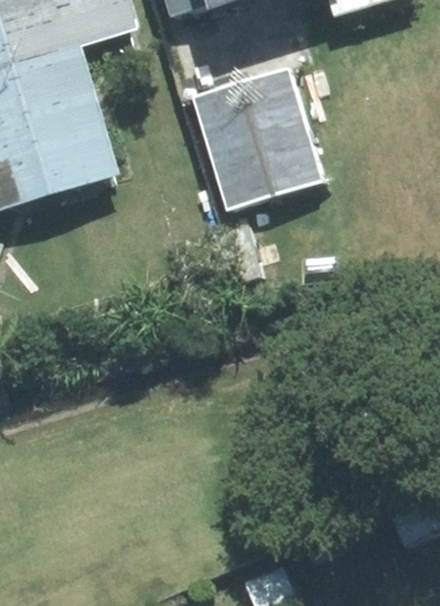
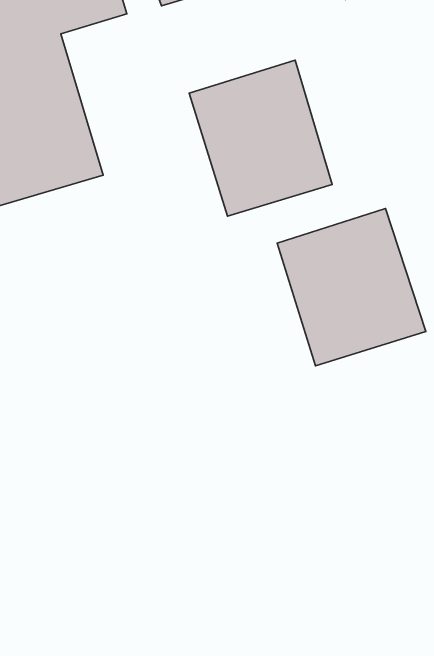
building: none -> [277,209,426,366]

